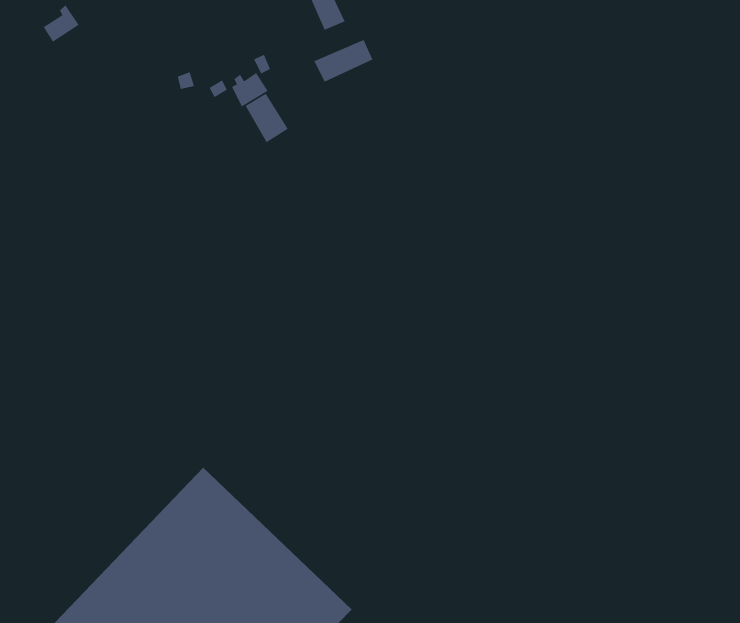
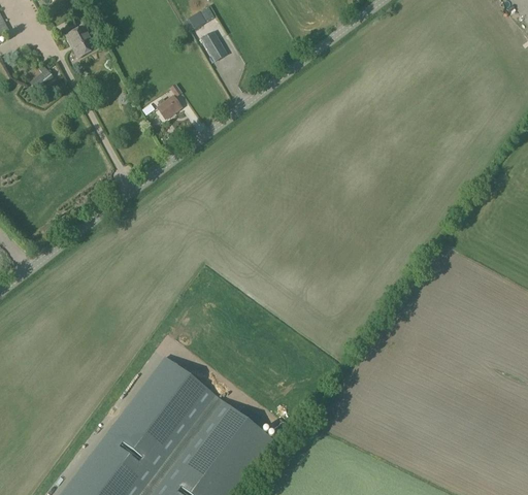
building: [314,39,373,82] -> none
building: [245,93,288,143] -> none

